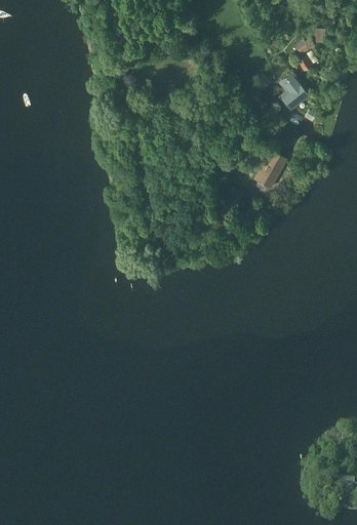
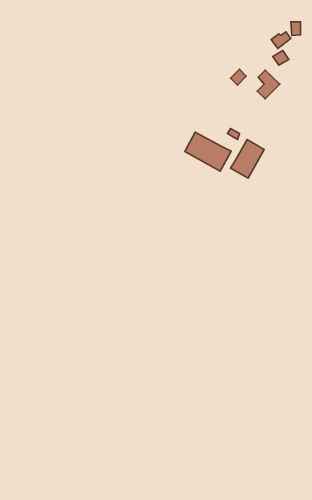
building: none -> [185,132,231,171]

